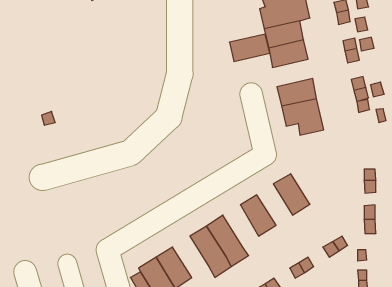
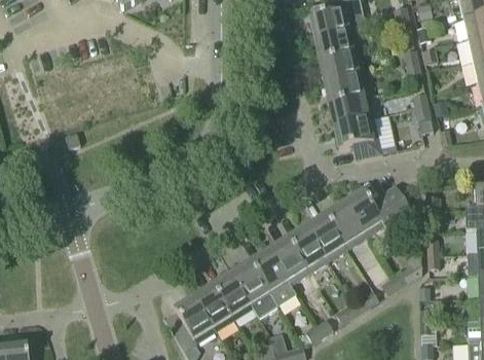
building: [229,34,270,62] -> [324,74,369,105]
building: none -> [344,186,415,237]
building: none -> [306,214,346,260]
building: none -> [268,238,308,284]
building: none -> [212,273,253,319]

